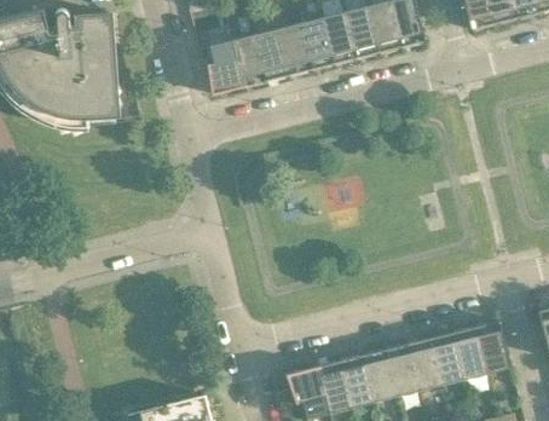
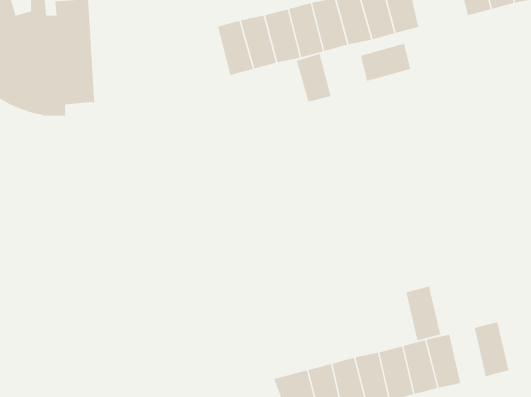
building: [207,39,244,93] -> none
building: none -> [360,43,411,82]
building: none -> [296,53,332,103]
building: [453,325,487,379] -> [405,285,441,341]

